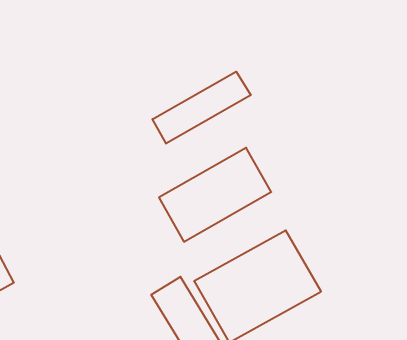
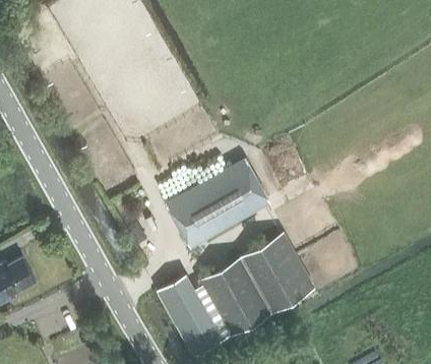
building: [152,72,251,144] -> none

